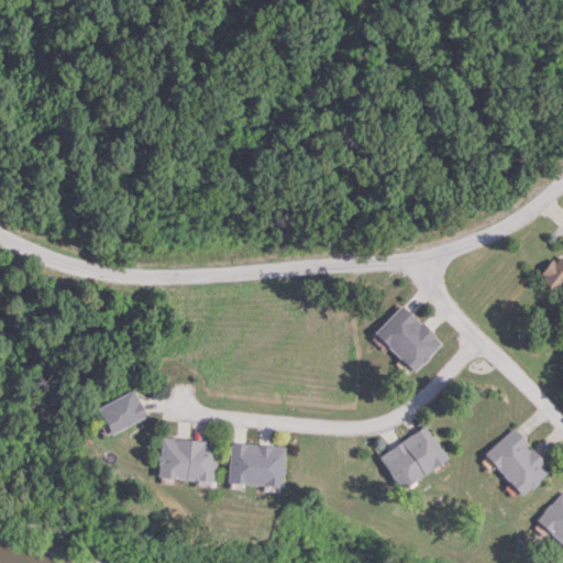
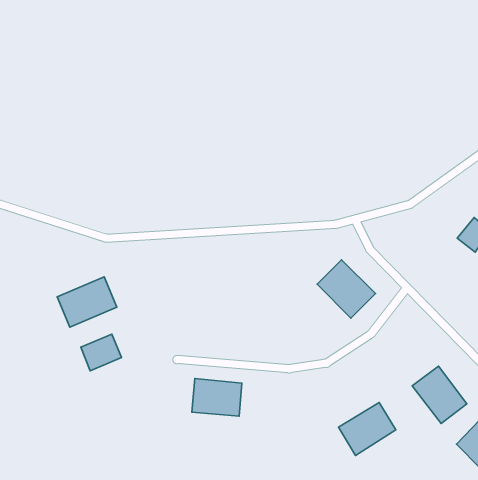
building: none -> [57,277,117,327]
building: [380,427,448,488] -> [339,403,396,455]
building: [158,438,218,483] -> none

